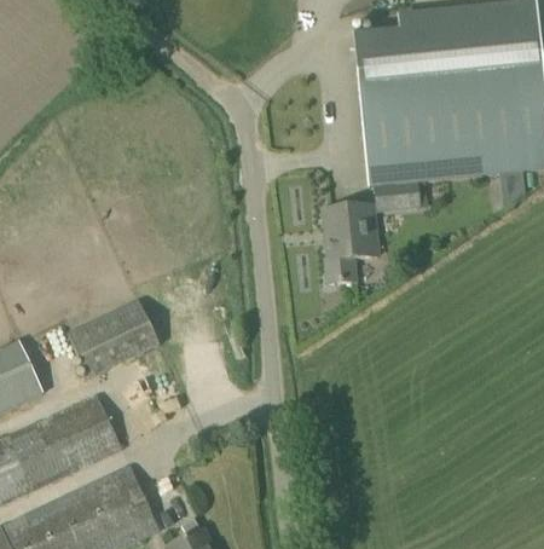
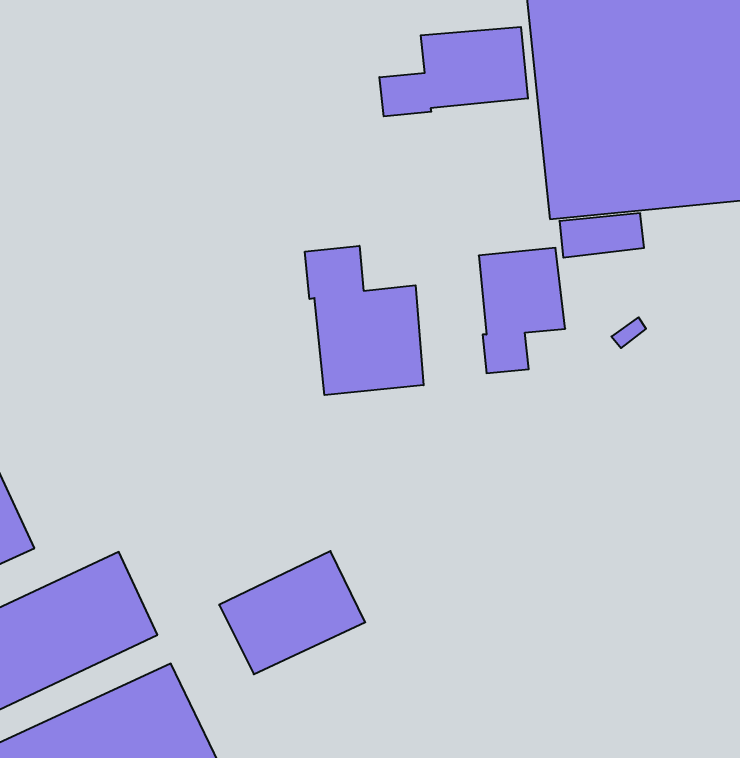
building: none -> [379,27,528,116]
building: none -> [305,246,424,395]
building: [68,299,160,376] -> [219,551,365,674]

